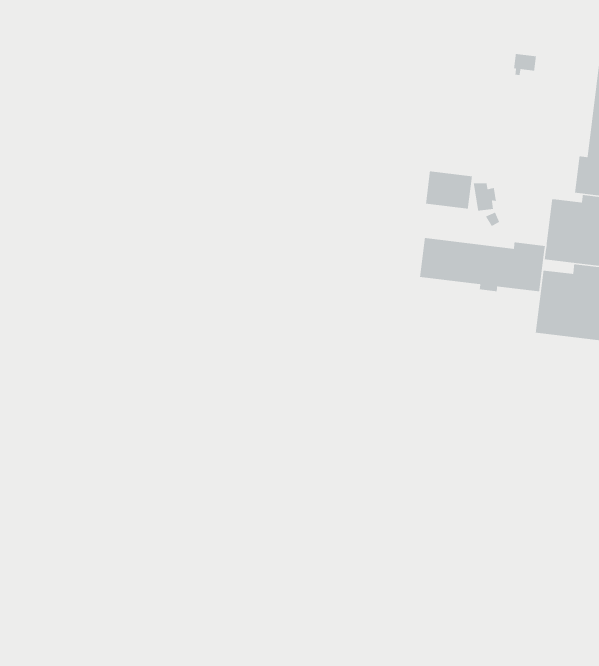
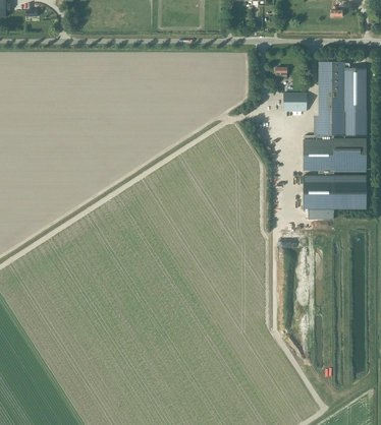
building: [425,171,473,210] -> [285,94,308,111]
building: [419,237,546,292] -> none

